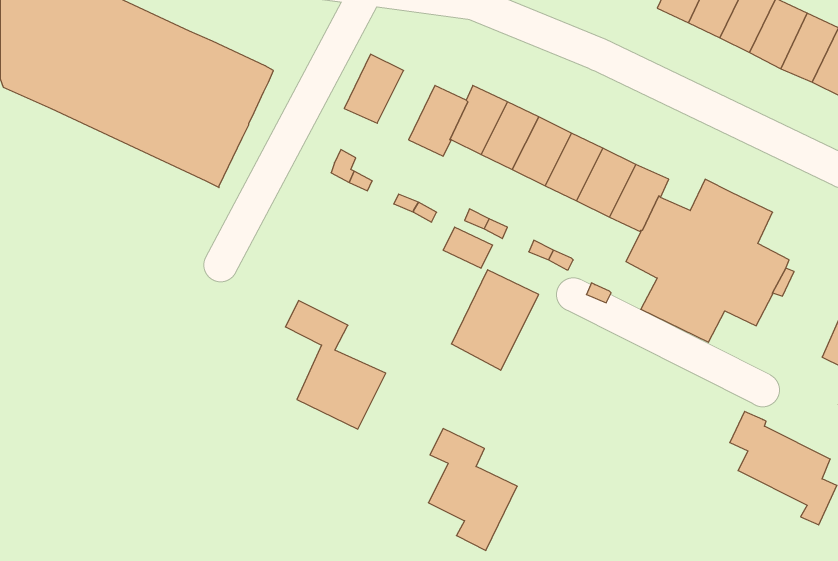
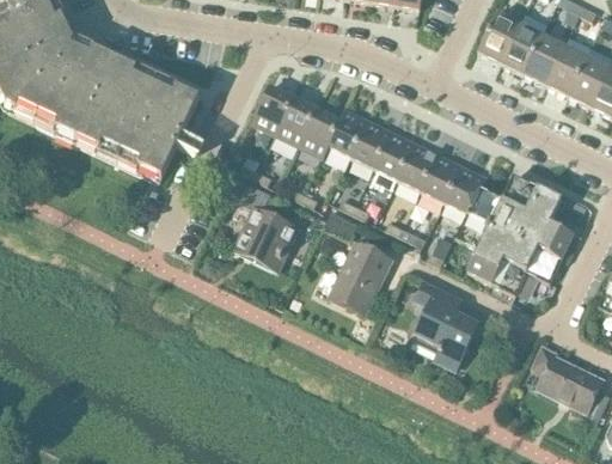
building: none -> [275,97,317,147]
building: [285,301,386,429] -> [226,176,299,269]
building: [428,429,517,550] -> [414,281,478,370]

